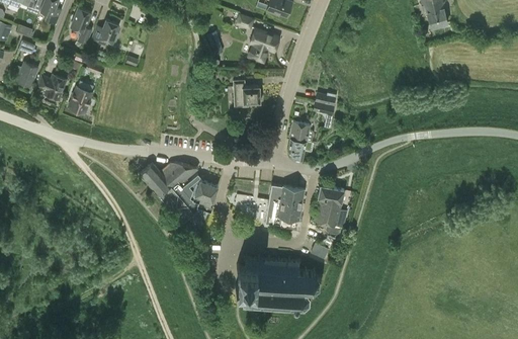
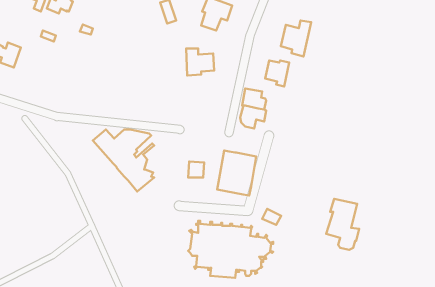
building: none -> [281,21,311,57]
building: [69,85,92,112] -> none
building: [191,178,218,211] -> none
building: [313,183,346,235] -> [326,199,359,250]

